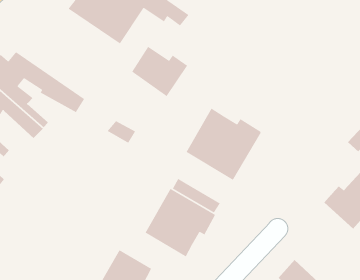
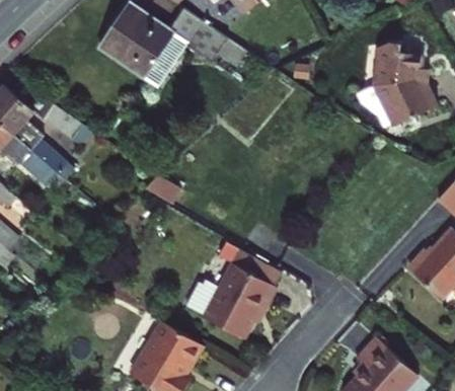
building: none -> [367,45,428,128]
building: [131,46,188,97] -> none
building: [185,107,261,181] -> none

